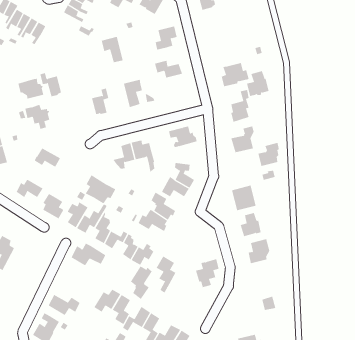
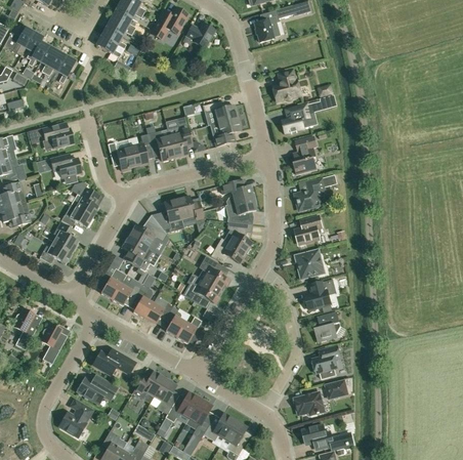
building: [155,26,177,50] -> [214,117,241,145]
building: [101,36,123,63] -> [148,128,174,160]
building: [246,70,269,97] -> [273,70,301,100]
building: [39,72,62,97] -> [108,141,134,170]
building: none -> [71,185,99,216]
building: none -> [228,197,256,223]
building: [257,142,280,167] -> [295,215,322,244]
building: none -> [129,221,167,247]
building: [42,193,64,219] -> [53,221,79,252]
building: [71,243,106,266] -> [93,347,135,375]
building: none -> [41,322,68,364]
building: [156,256,176,293] -> none
building: [195,258,219,288] -> [312,344,341,379]
building: [130,266,152,300] -> none
building: none -> [294,390,325,414]

